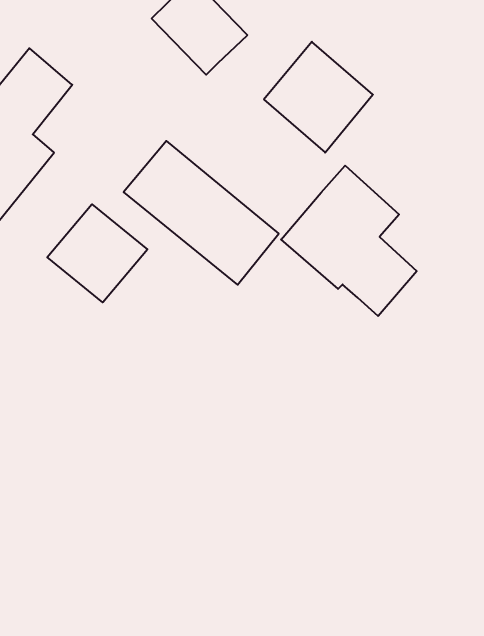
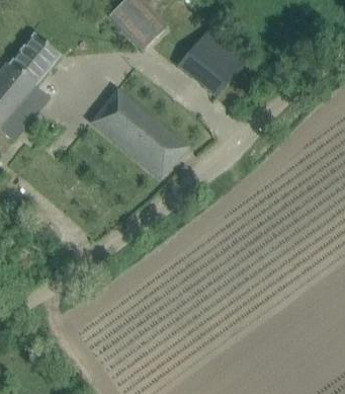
building: [281,166,417,316] -> none
building: [47,204,147,302] -> none

